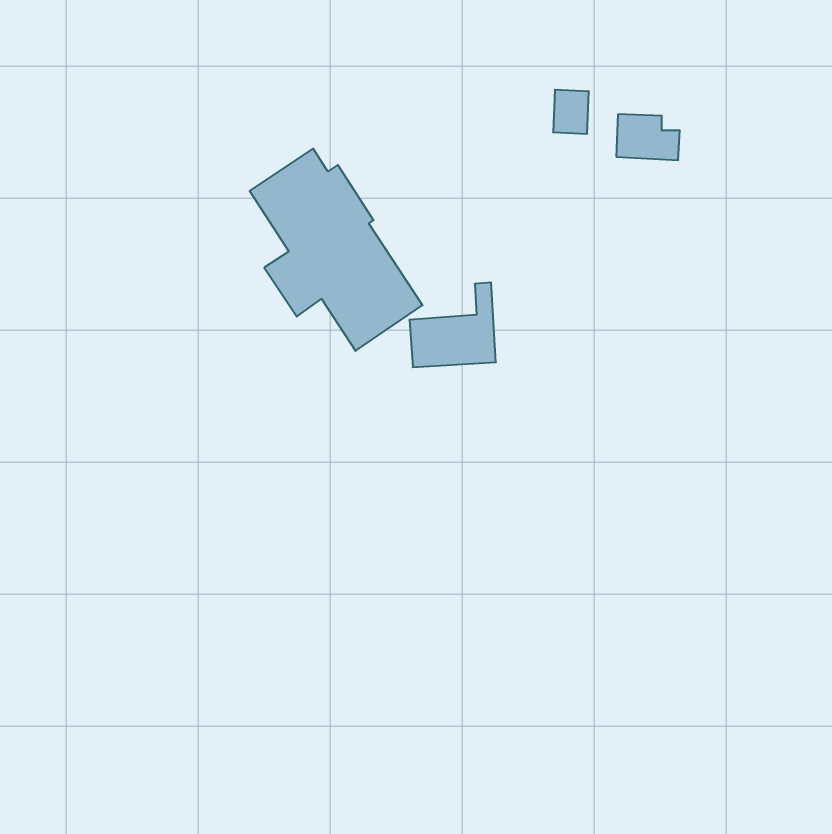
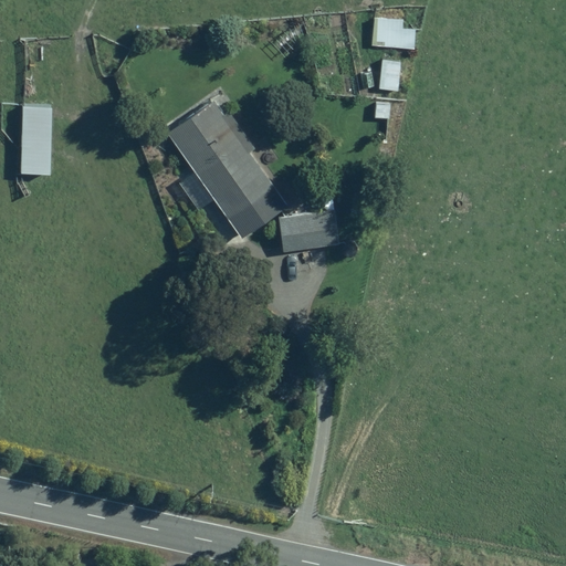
building: [616,114,680,160] -> [371,18,415,49]
building: none -> [19,104,53,174]

